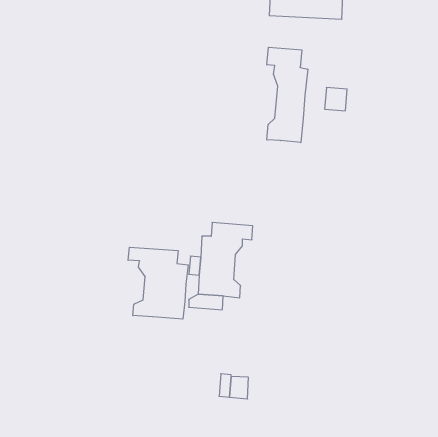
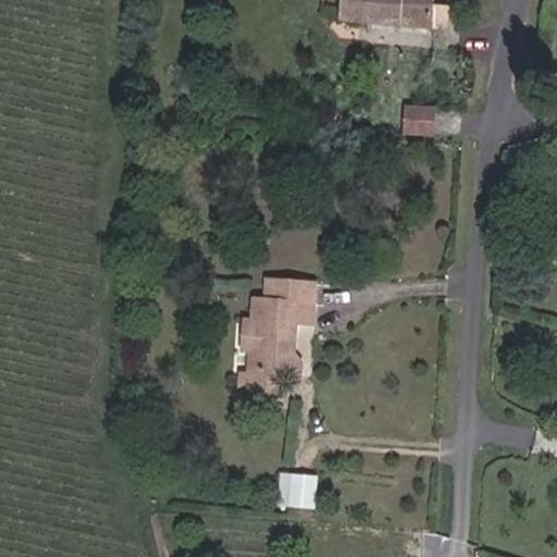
building: [267,47,308,143] -> none
building: [128,247,188,319] -> none

